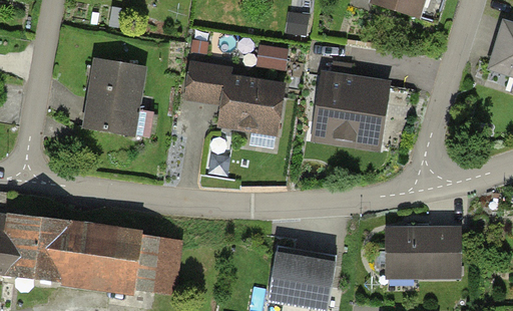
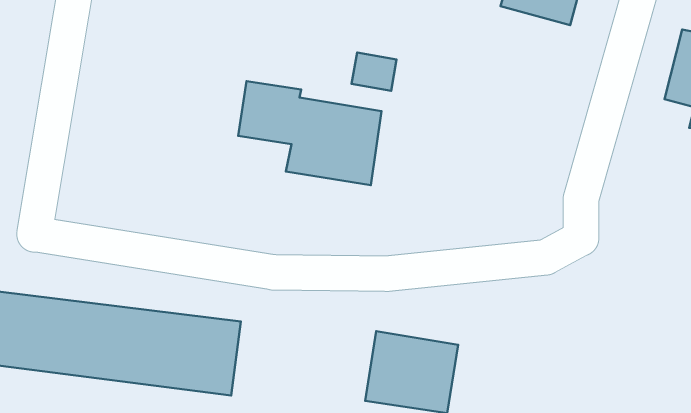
building: [79,58,143,137] -> none
building: [312,72,392,147] -> none
building: [389,228,460,273] -> none

